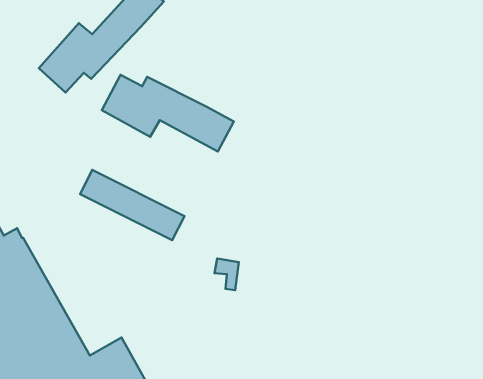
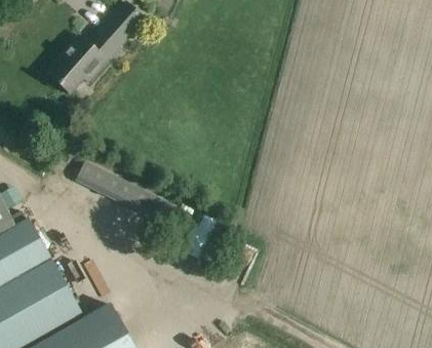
building: [102,75,234,152] -> none

